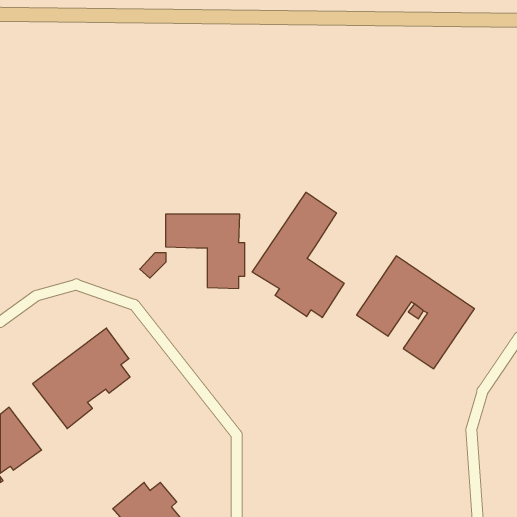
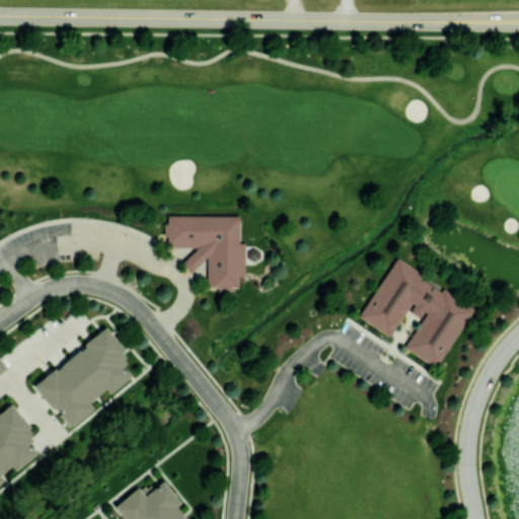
building: [252,192,344,318] -> none
building: [140,253,166,278] -> [182,249,209,275]

